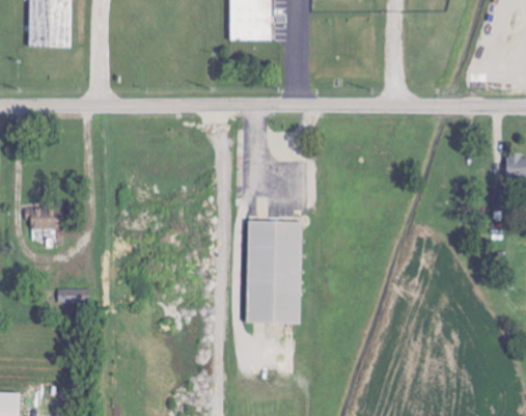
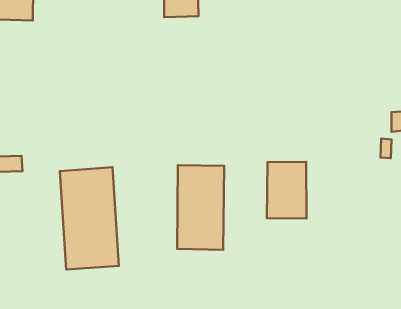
building: none -> [267,162,307,219]
building: none -> [60,167,119,270]
building: [58,287,90,305] -> none

